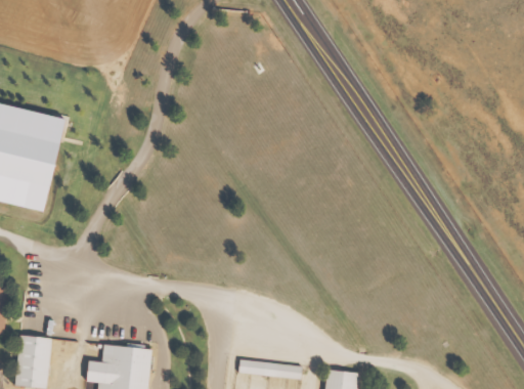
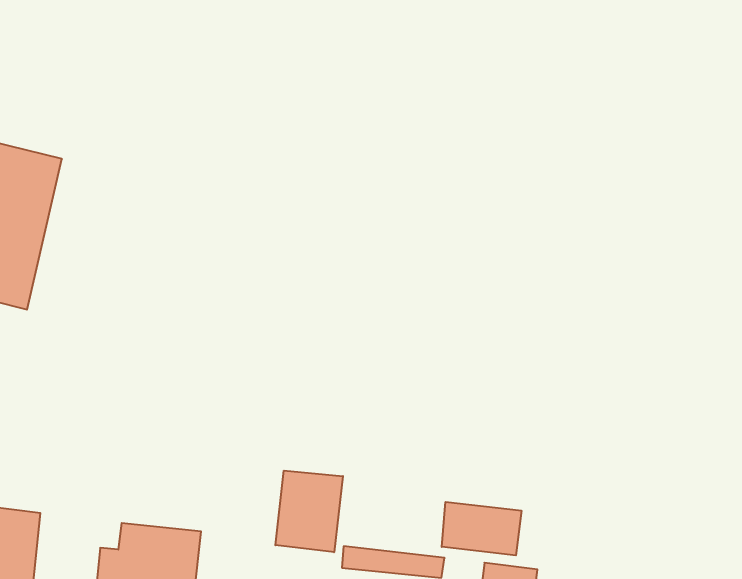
building: none -> [275,471,343,552]
building: none -> [442,502,521,555]

